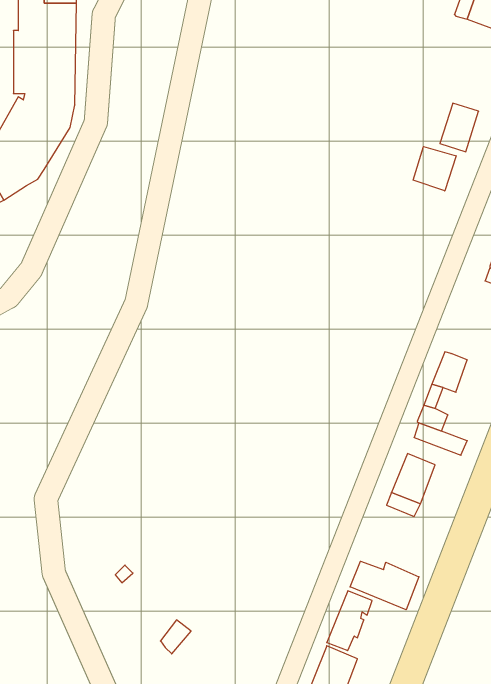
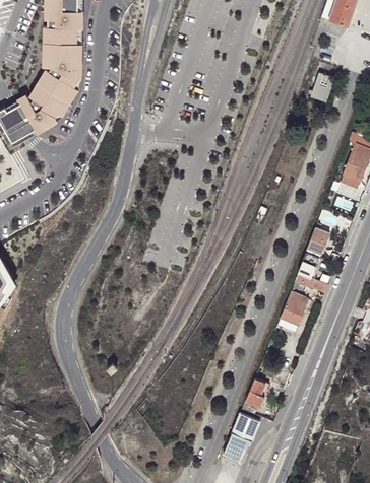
building: [413,147,456,191] -> none
building: [350,561,419,610] -> none

